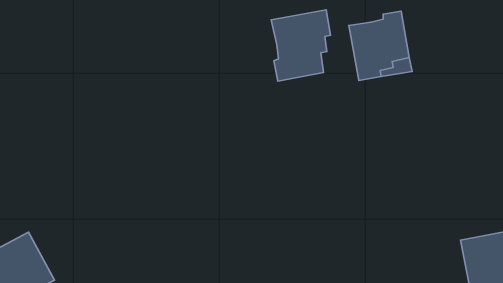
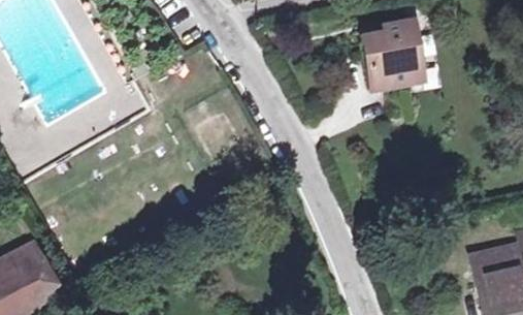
building: [271,10,331,81] -> none

